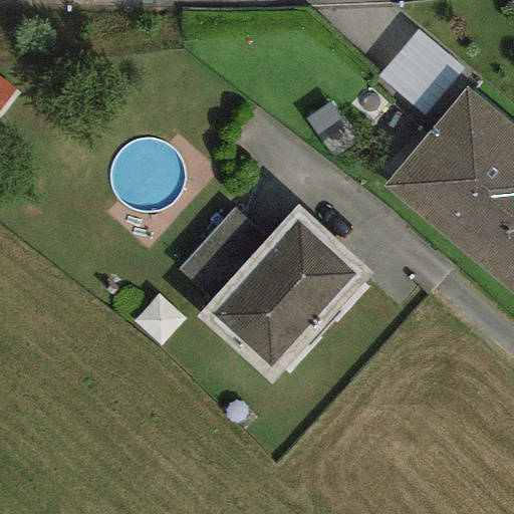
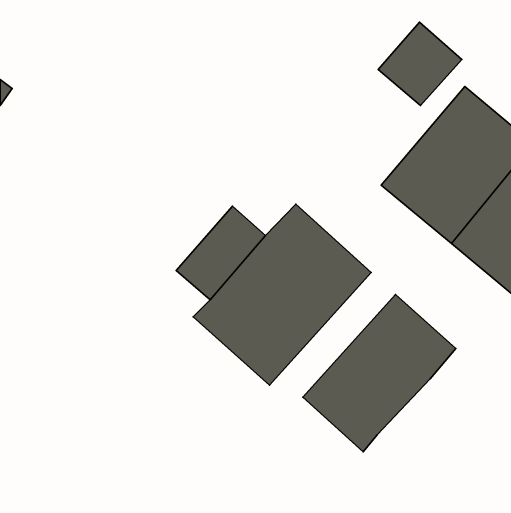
building: none -> [303,294,456,452]

